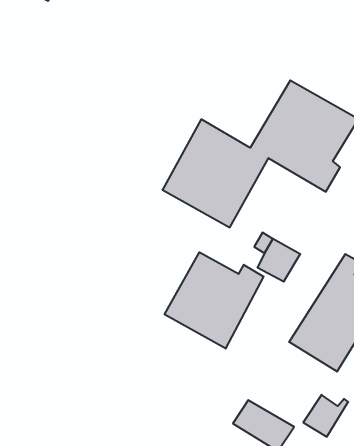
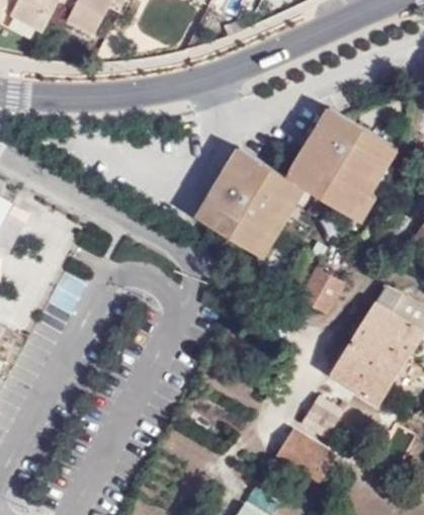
building: [165,252,264,349] -> none
building: [303,395,348,437] -> [300,395,344,436]

